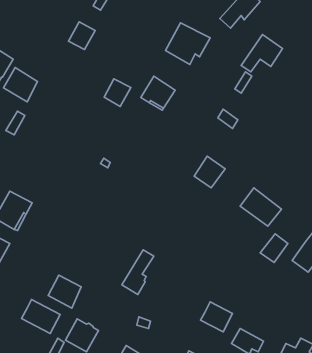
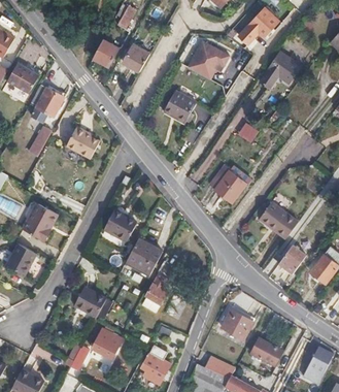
building: [104,79,131,107] -> [124,44,149,71]
building: none -> [66,126,100,158]
building: none -> [103,207,136,240]
building: none -> [125,236,162,272]
building: [22,299,60,334] -> none

